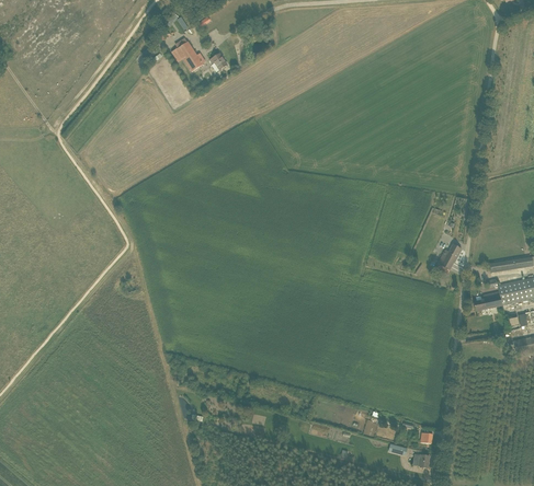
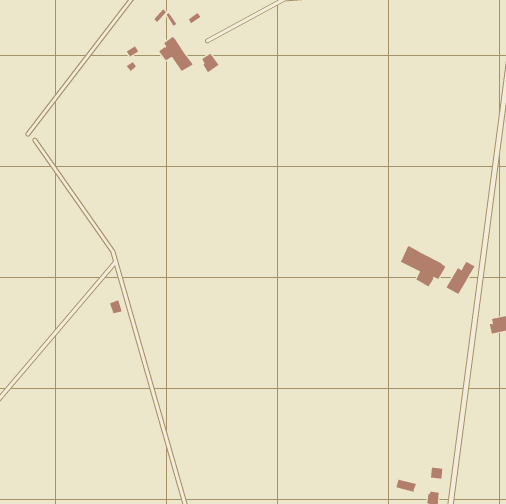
building: none -> [400,245,446,287]

